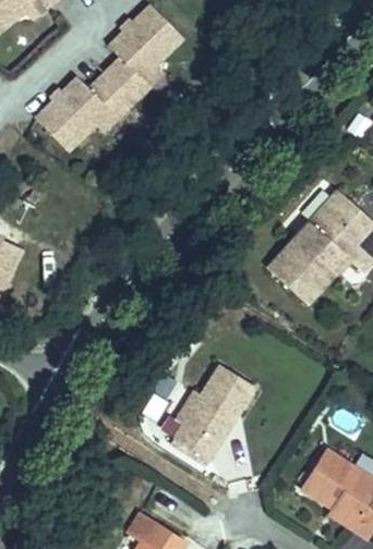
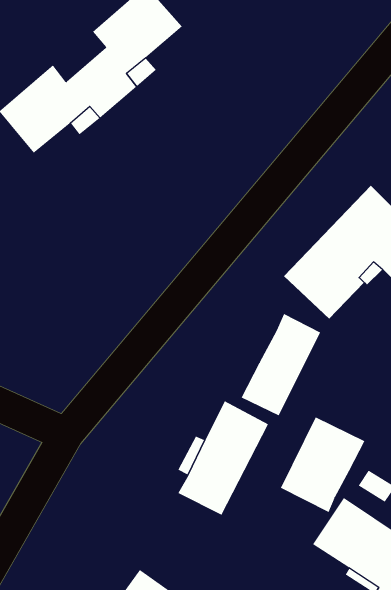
building: none -> [241,313,321,416]
building: none -> [280,417,365,513]

